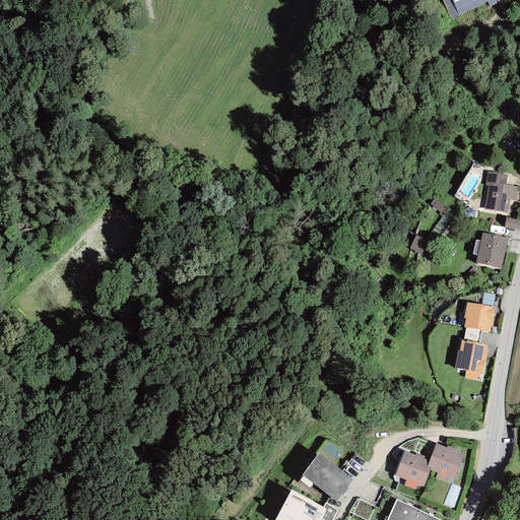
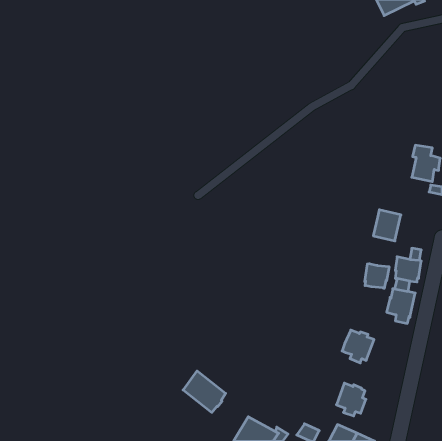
building: [475,232,508,268] -> [373,210,401,241]
building: none -> [365,264,389,288]
building: [426,443,463,481] -> [342,330,374,363]
building: [303,452,352,501] -> [183,371,226,412]

